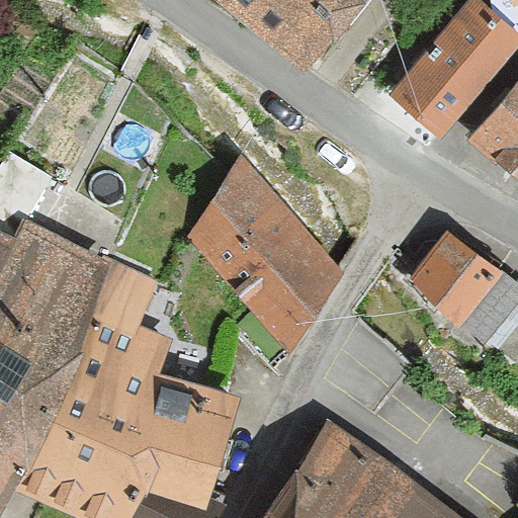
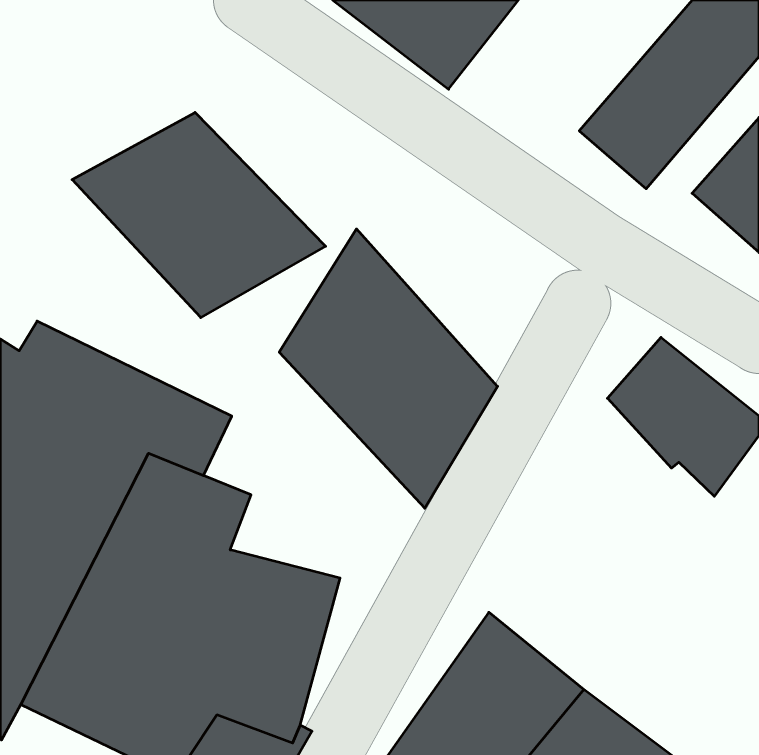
building: none -> [72,112,326,318]

